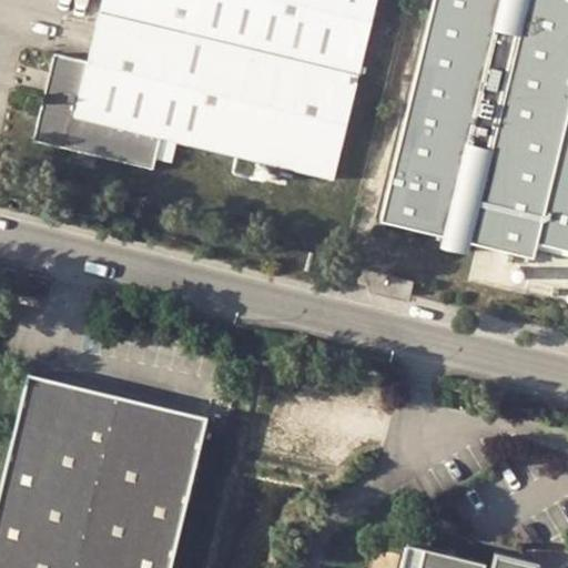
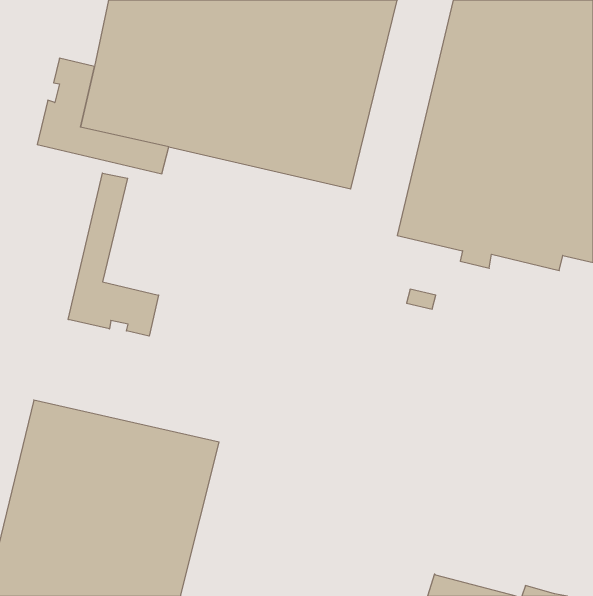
building: none -> [68,173,159,336]

